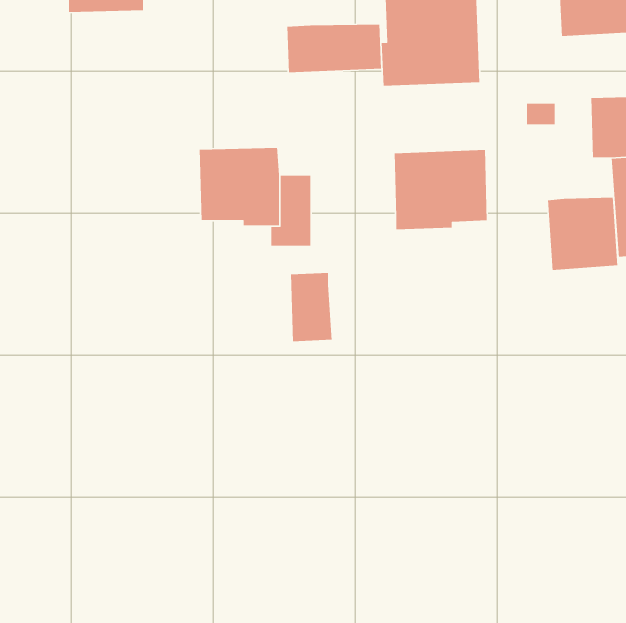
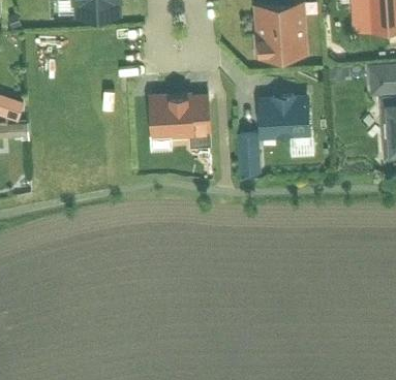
building: [286,24,382,73] -> none
building: [547,197,618,271] -> none
building: [290,272,333,342] -> [238,133,262,172]

